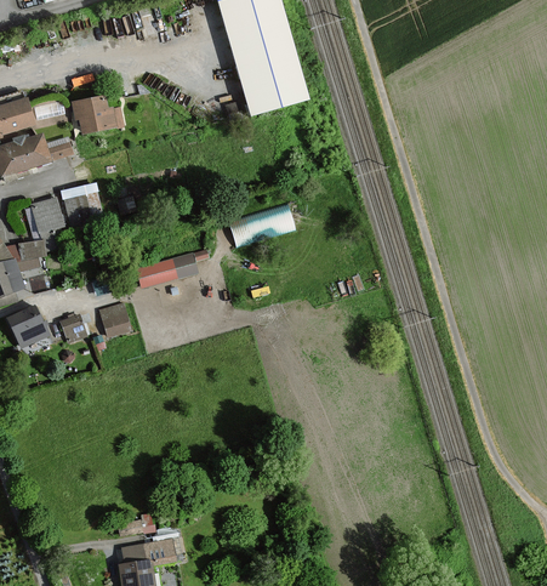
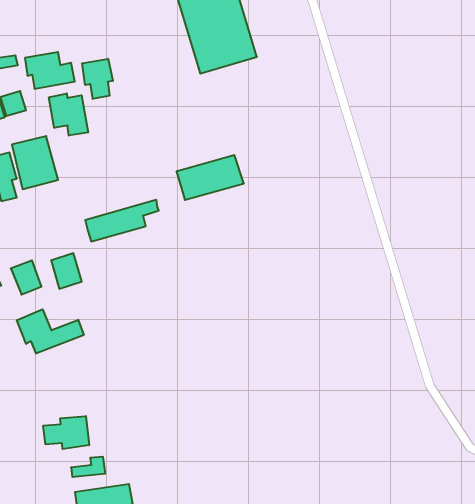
building: none -> [82,59,113,99]
building: none -> [49,93,88,136]
building: none -> [17,309,84,354]
building: none -> [43,416,89,449]

